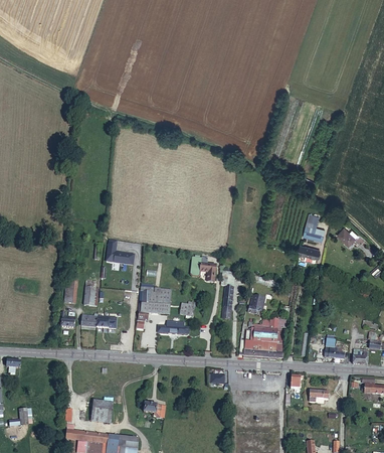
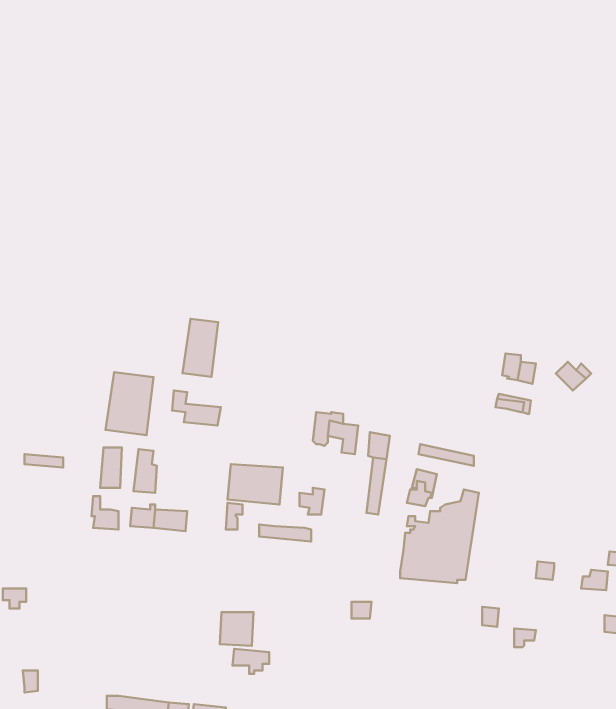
building: none -> [183,319,218,377]
building: none -> [105,372,153,435]
building: [91,401,112,421] -> [220,612,254,646]

